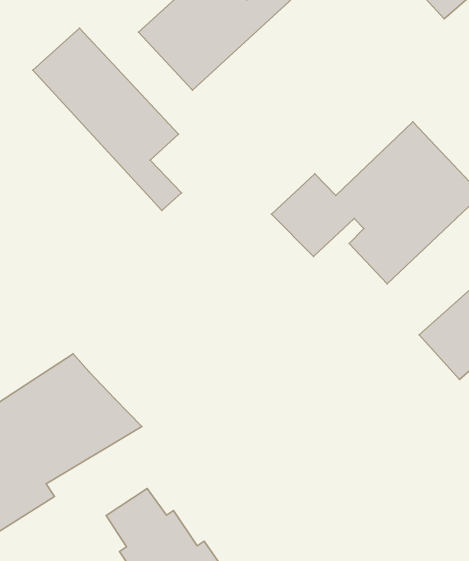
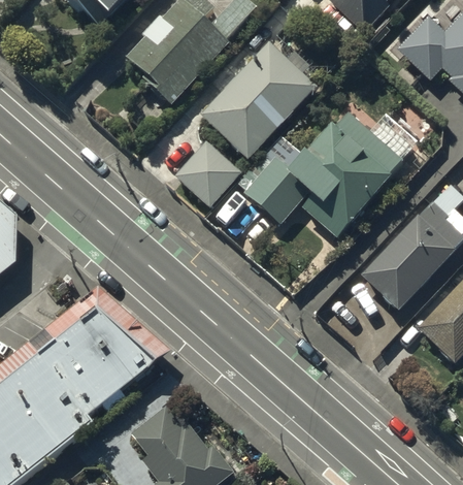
building: [33,28,182,210] -> none
building: none -> [203,45,313,156]
building: none -> [177,144,237,203]

